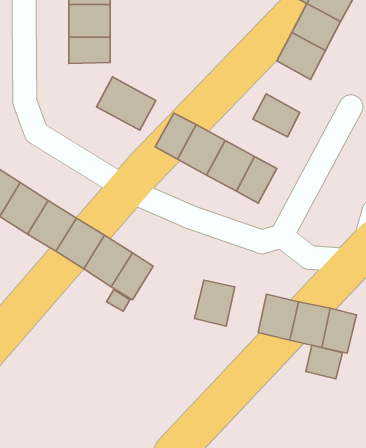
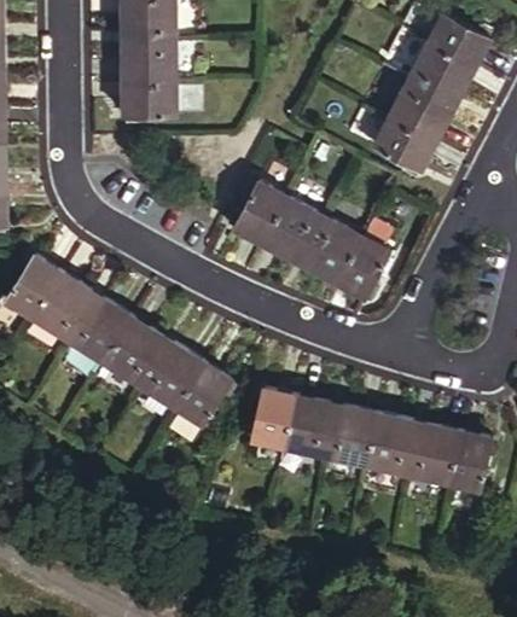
building: [97,77,156,130] -> none
building: [253,94,300,137] -> [373,115,434,170]
building: none -> [252,389,296,447]
building: none -> [325,406,377,465]
building: [306,345,343,379] -> none

